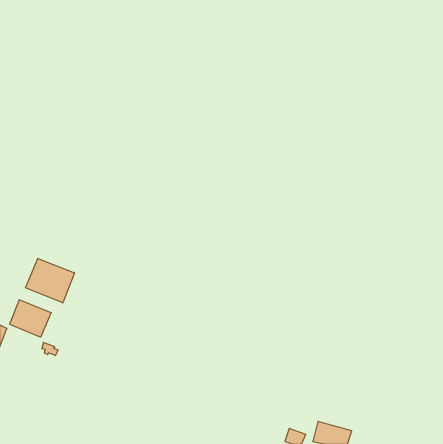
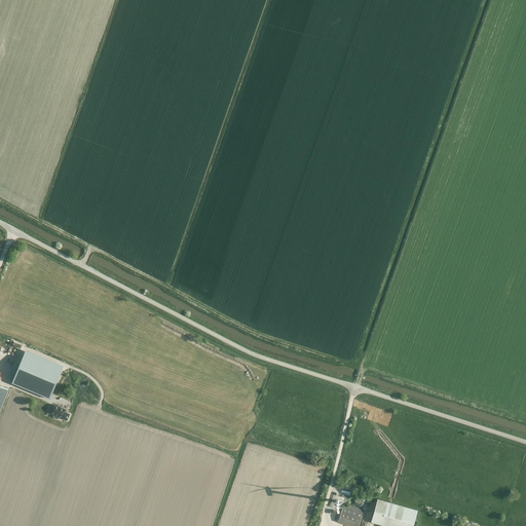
building: [25,258,74,303] -> none

